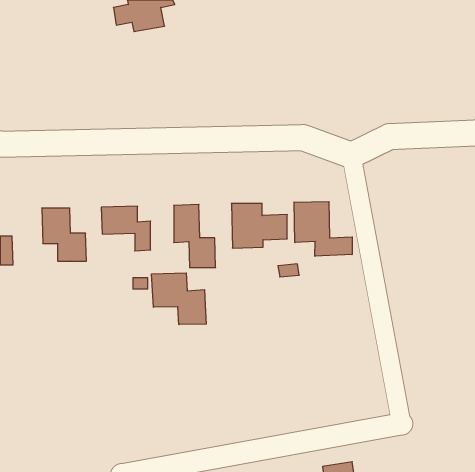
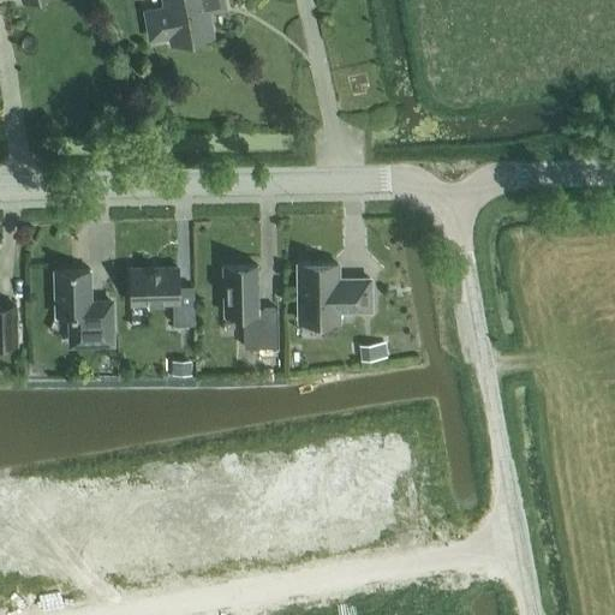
building: [294,202,352,256] -> none
building: [152,273,206,325] -> none

